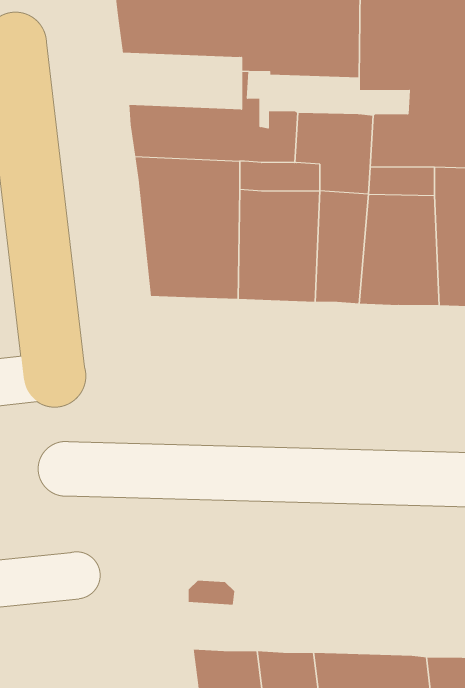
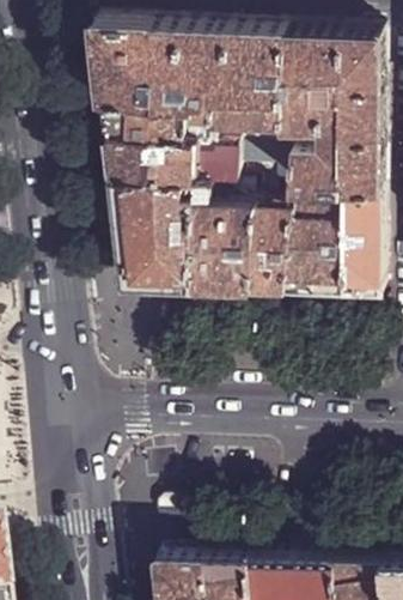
building: none -> [103,99,194,143]
building: none -> [214,116,283,146]

